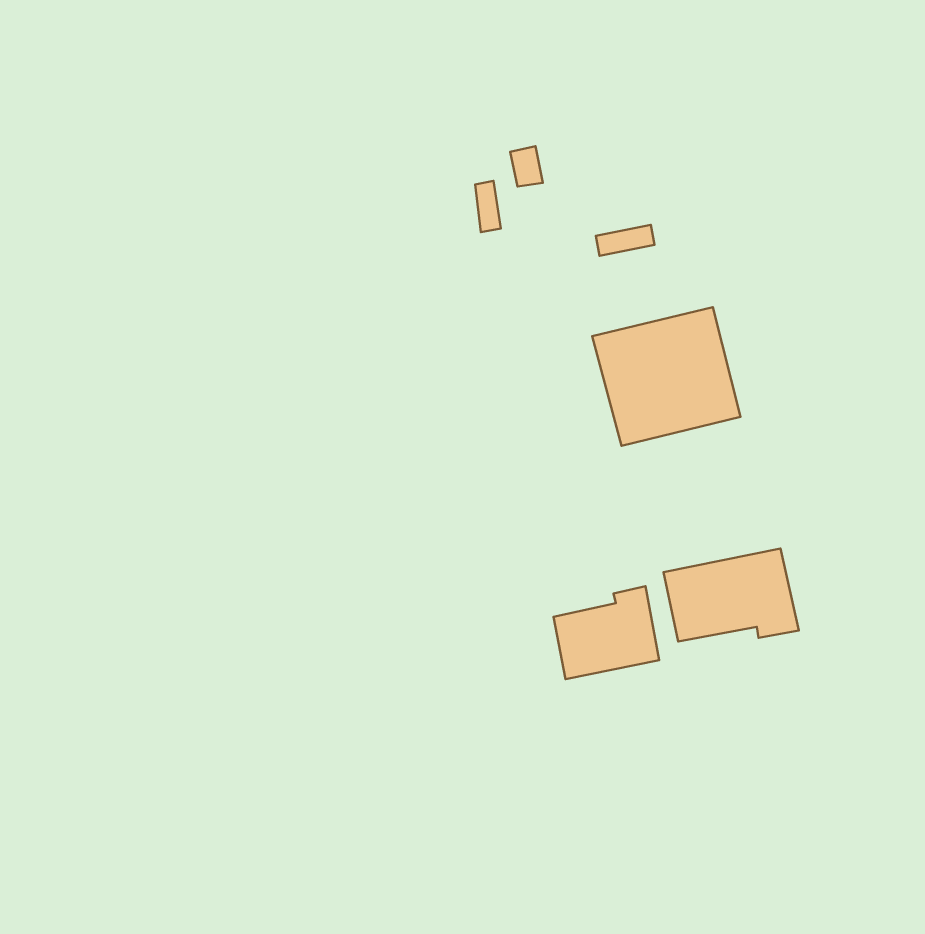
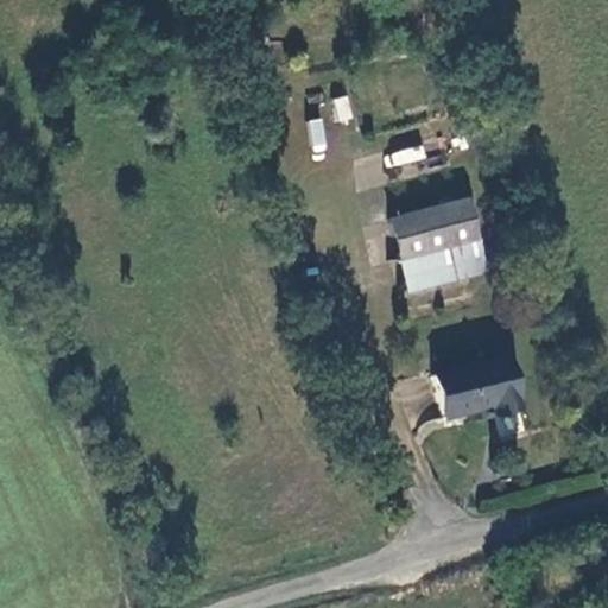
building: [553,586,659,679] -> none

